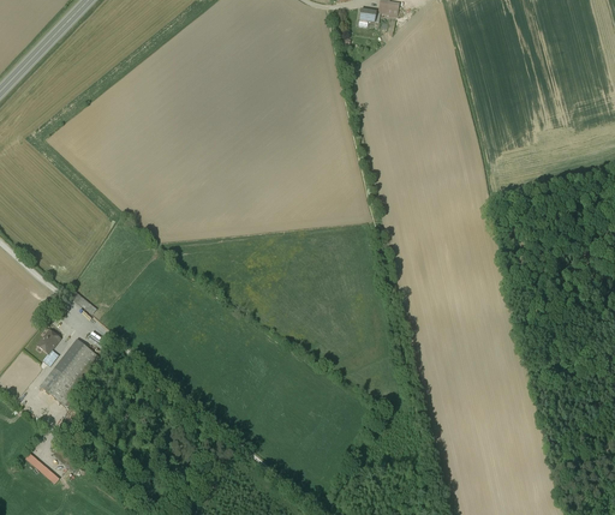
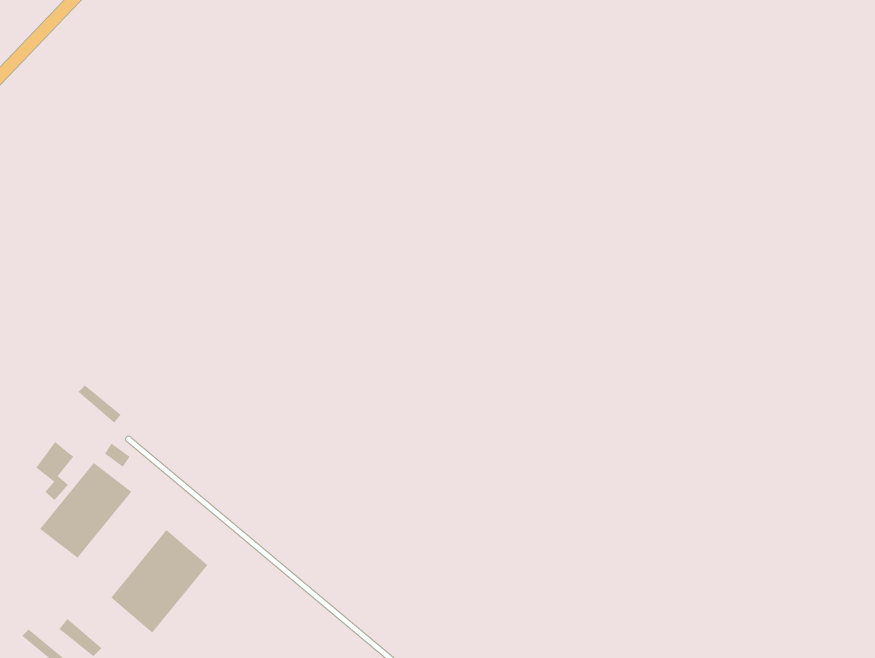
building: none -> [110,529,208,634]

